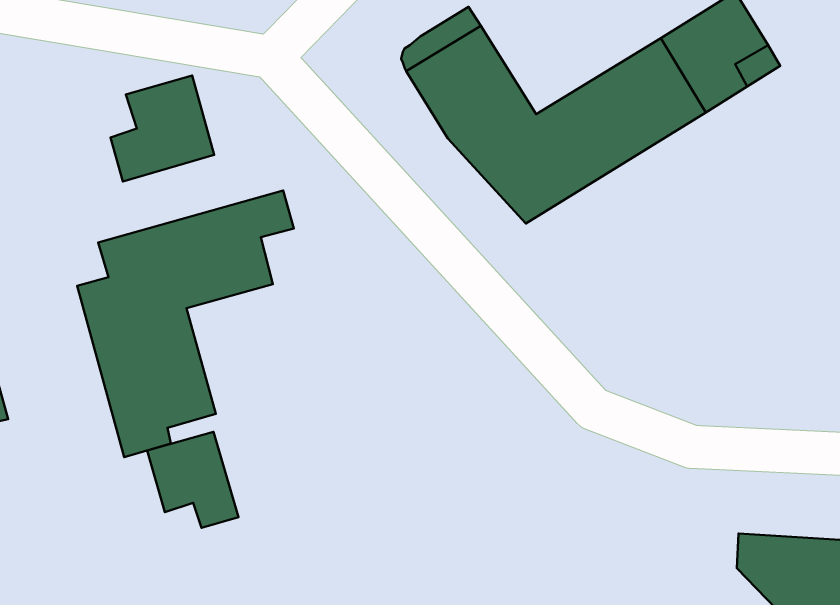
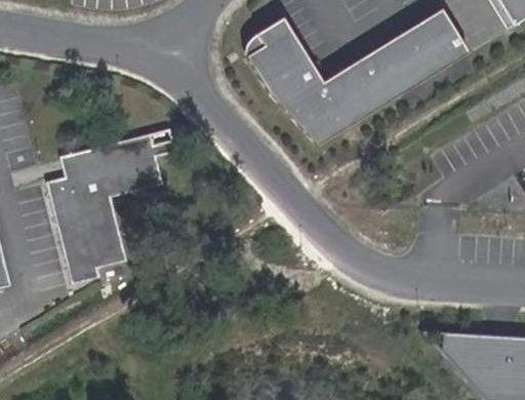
building: [110,76,214,182] -> none
building: [147,432,239,528] -> none

